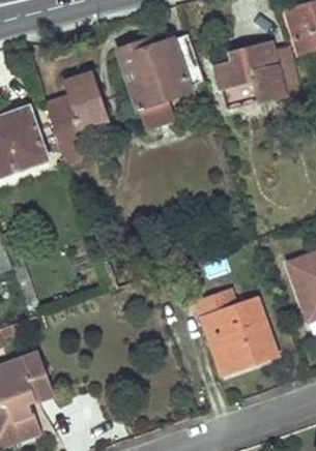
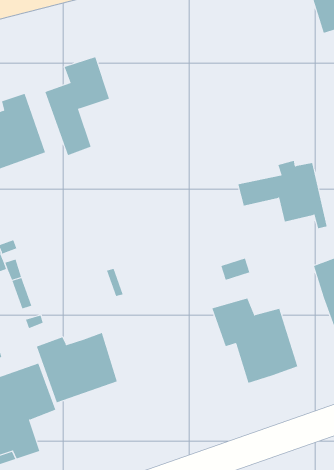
building: [117,35,203,127] -> none
building: [213,46,295,108] -> [237,160,328,229]
building: none -> [36,332,118,403]

